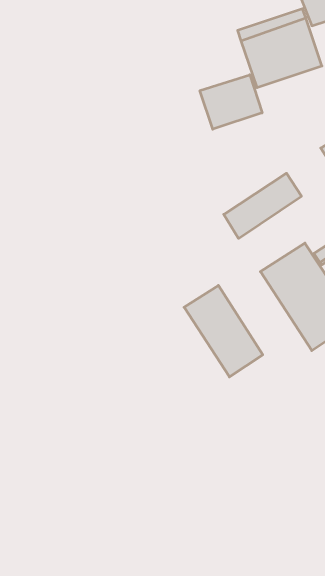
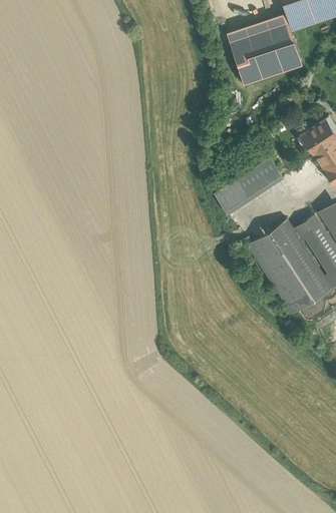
building: [200,75,262,129] -> none
building: [184,285,263,377] -> none

